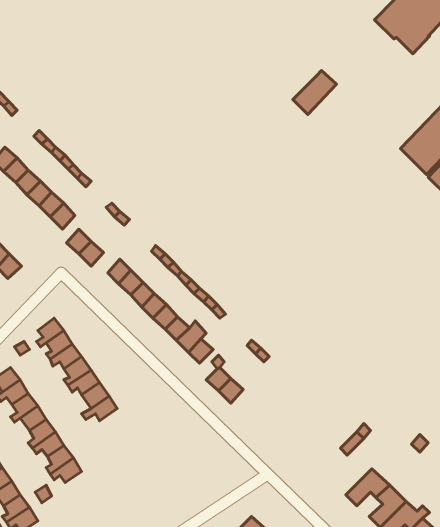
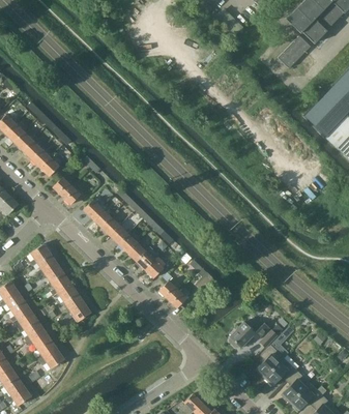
building: [293,71,337,114] -> [278,36,311,69]
building: none -> [230,320,270,348]
building: none -> [256,345,284,378]

